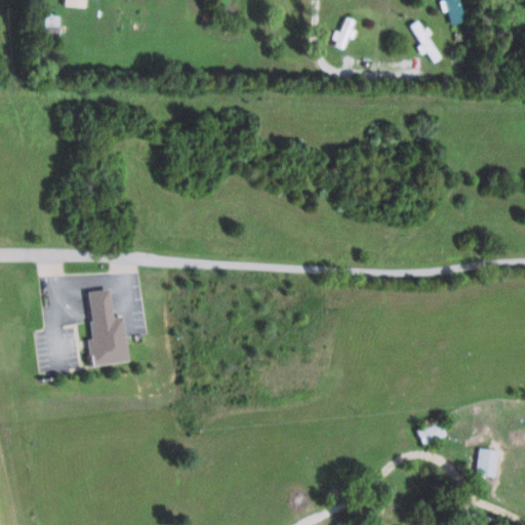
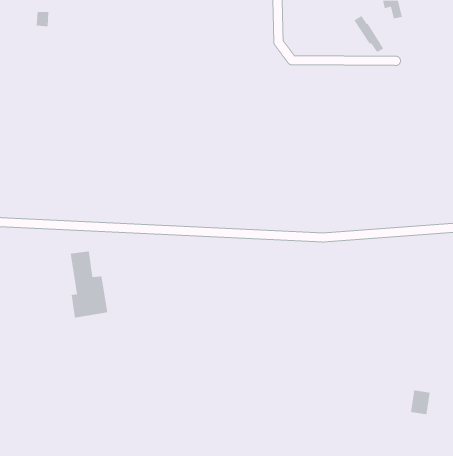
building: [335,16,359,50] -> none
building: [415,419,446,447] -> none

